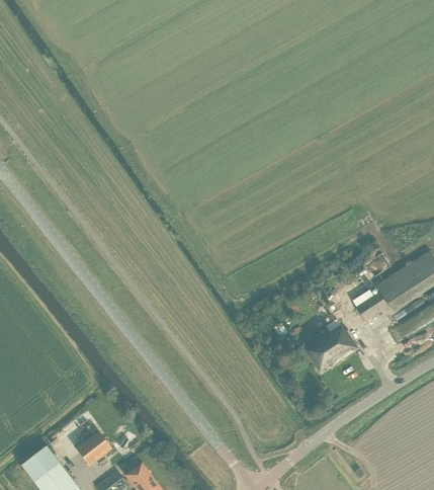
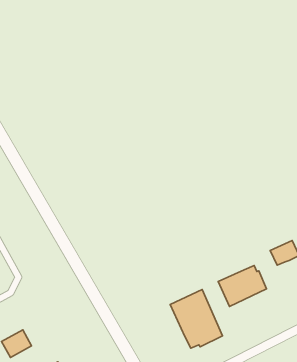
building: none -> [170,289,223,348]

